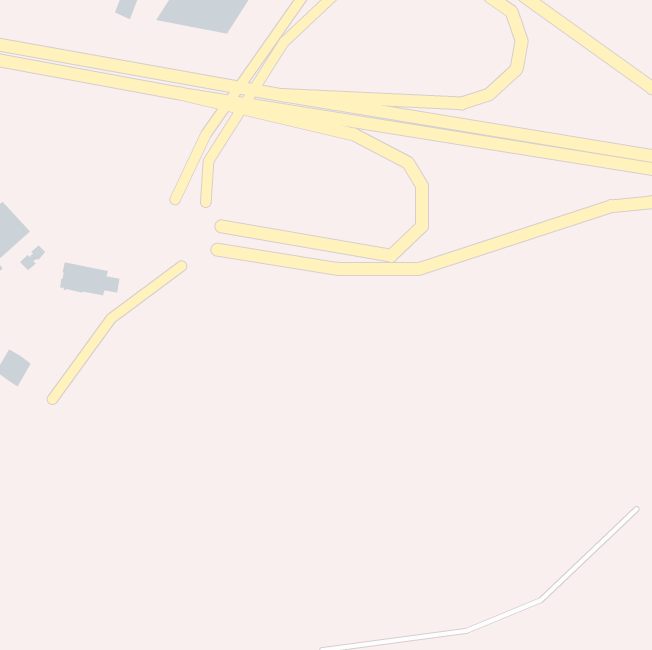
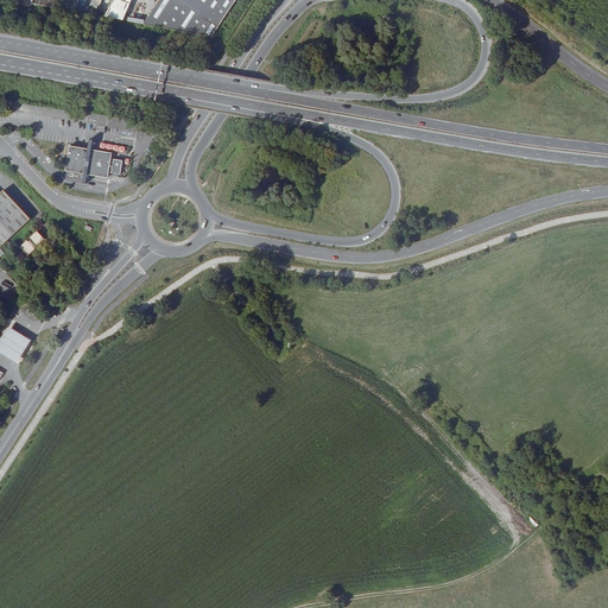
building: [59,262,120,296] -> [65,145,122,177]

